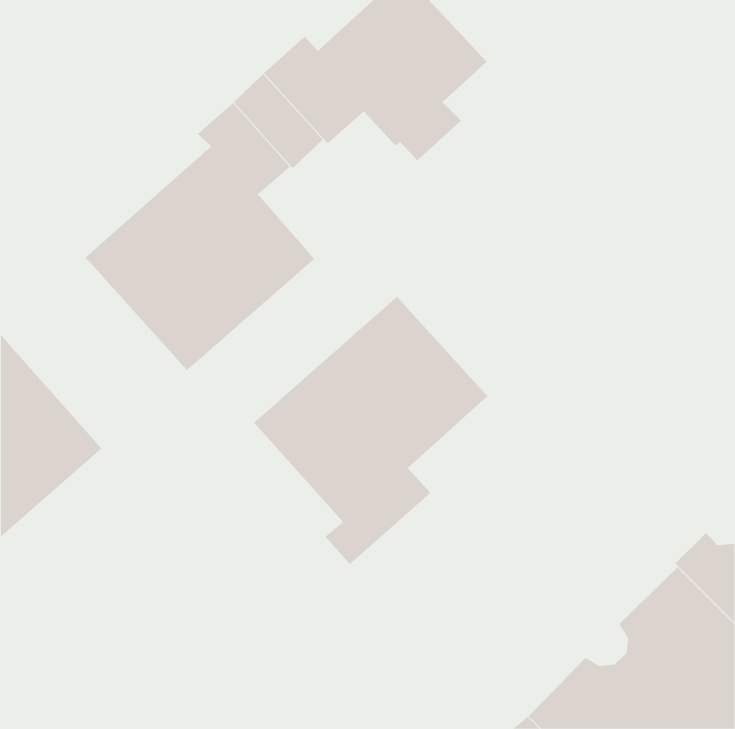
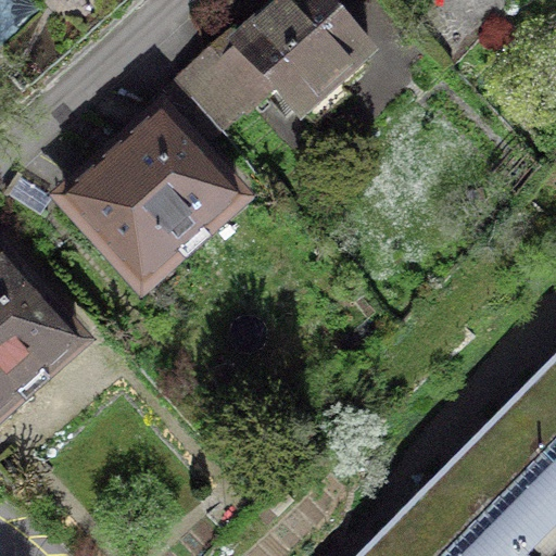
building: [253,296,488,565] -> none

